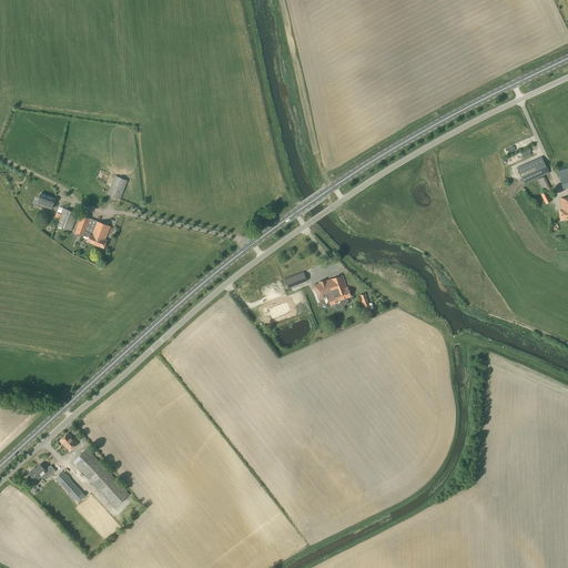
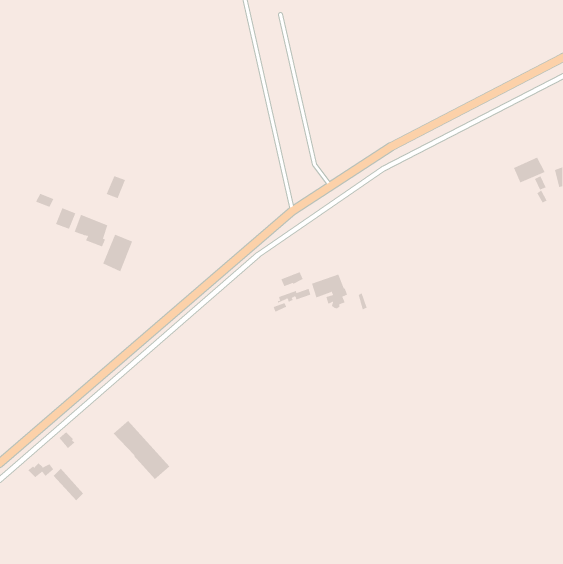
building: none -> [102,234,133,272]
building: [71,448,129,508] -> [113,420,170,480]

